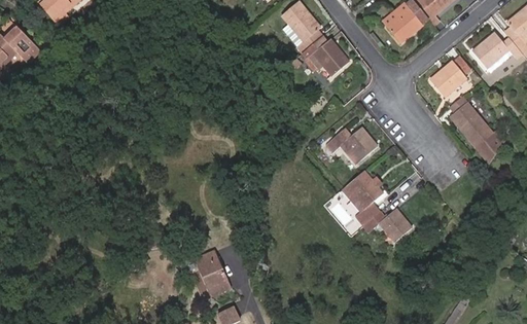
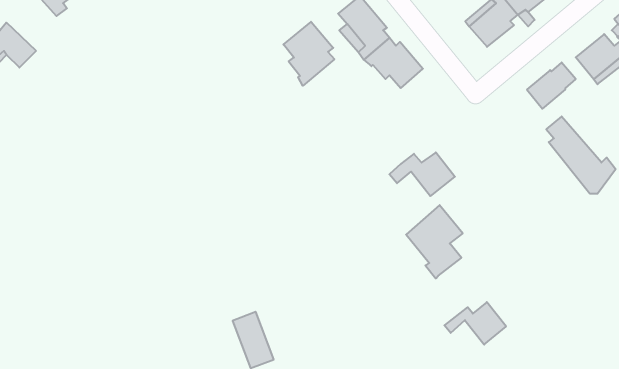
building: none -> [283,22,334,86]
building: [362,207,412,241] -> [444,302,506,345]

